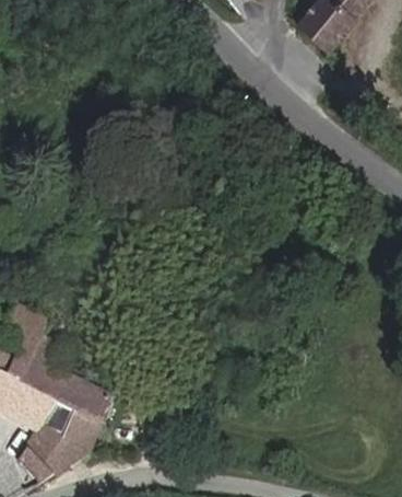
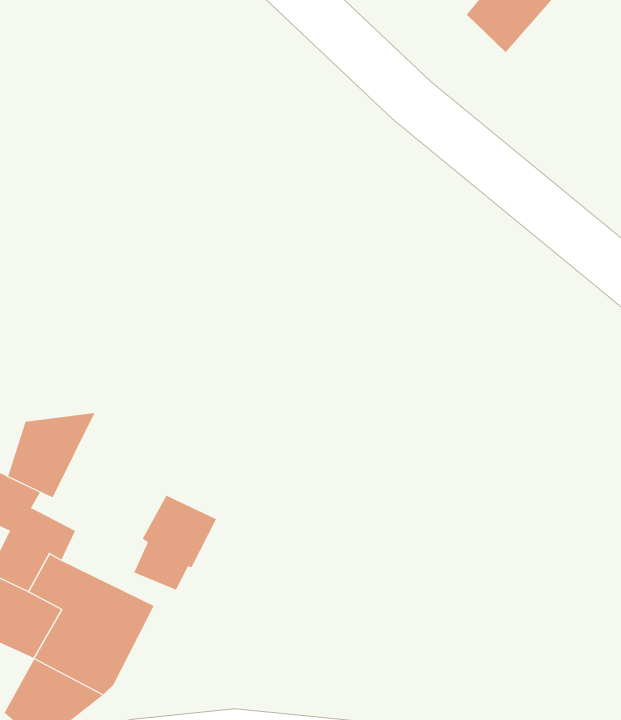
building: none -> [8,412,95,498]
building: none -> [134,495,217,591]

